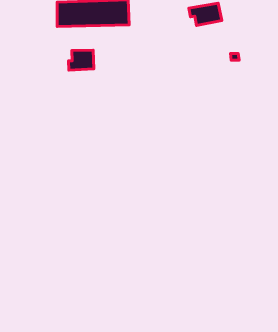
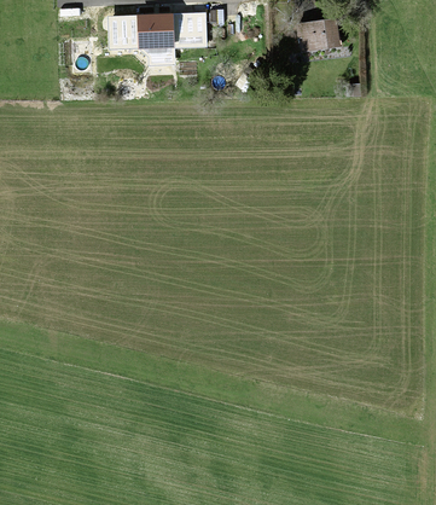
building: [69,50,94,70] -> none

